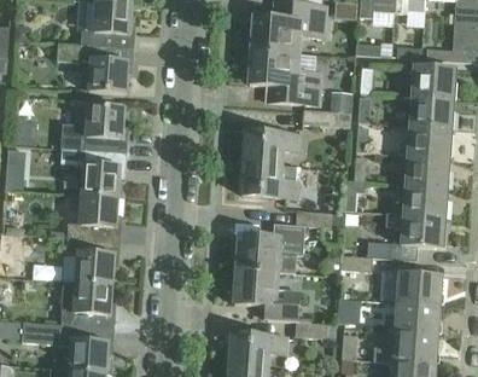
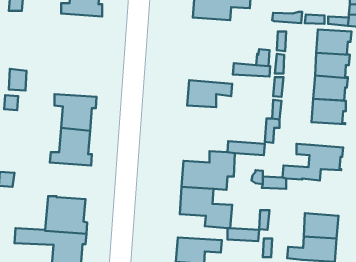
building: [57,42,134,92] -> none
building: [249,50,322,104] -> none
building: [62,104,127,152] -> none
building: [241,163,299,197] -> none
building: [403,185,448,217] -> none
building: [65,237,119,284] -> none
building: [396,271,442,306] -> none

